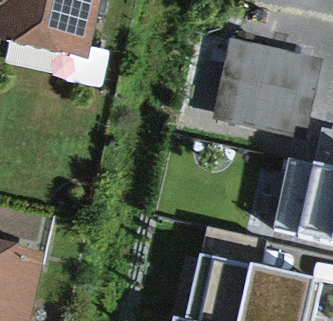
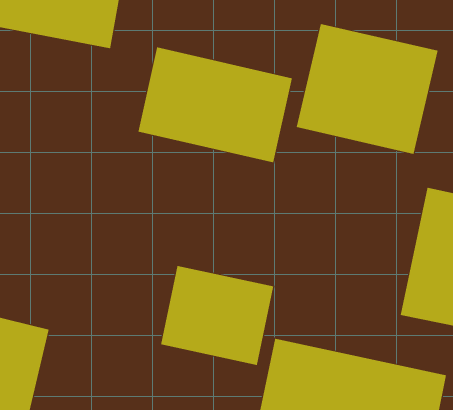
building: none -> [138,47,293,163]
building: none -> [160,265,274,366]

